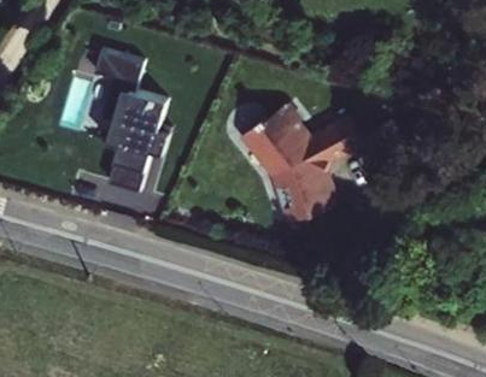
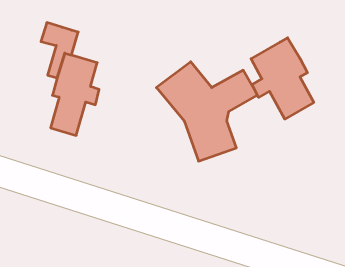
building: none -> [251,38,314,119]

